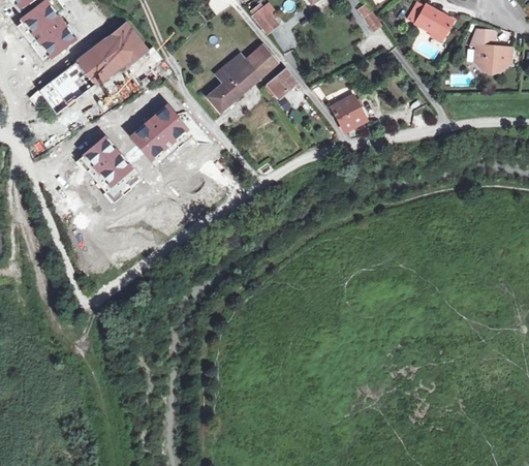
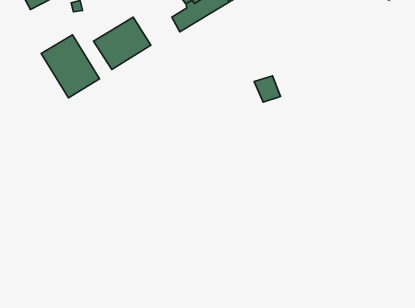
building: [263,70,295,98] -> none
building: [332,98,363,128] -> [254,76,281,102]

